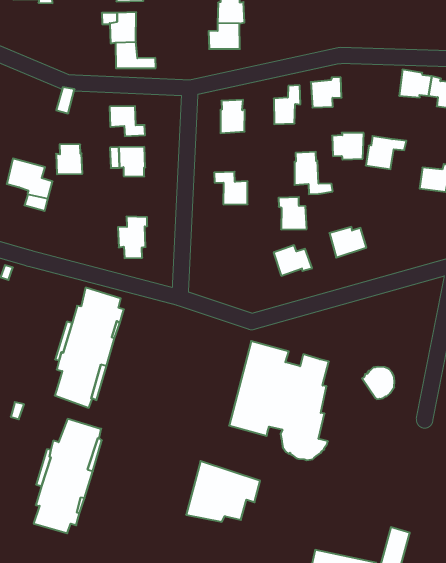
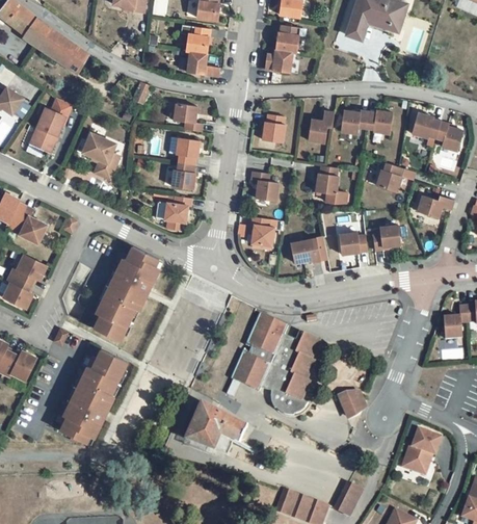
building: [332,133,364,160] -> [366,109,394,133]
building: [56,144,82,174] -> [173,161,195,188]
building: [278,197,307,229] -> [250,216,273,245]
building: none -> [372,225,400,251]
building: [362,367,394,399] -> [339,391,365,417]

